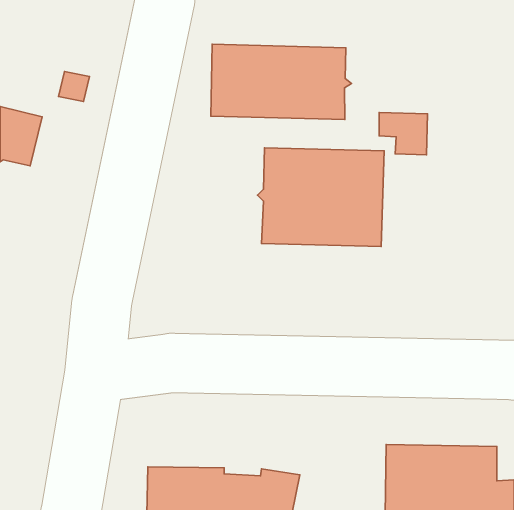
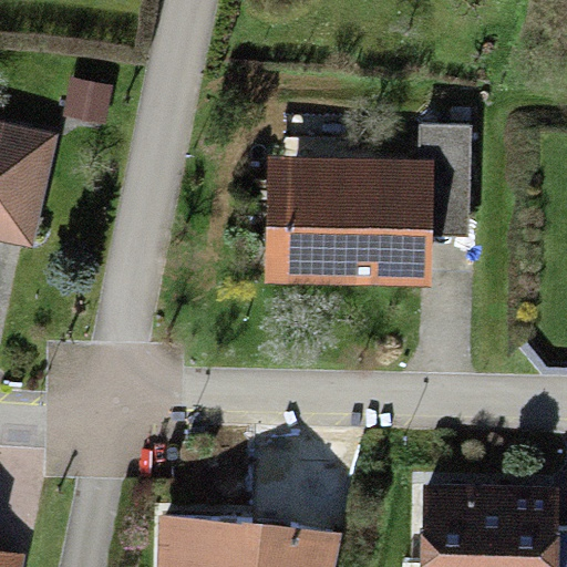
building: [211,44,352,119] -> none

